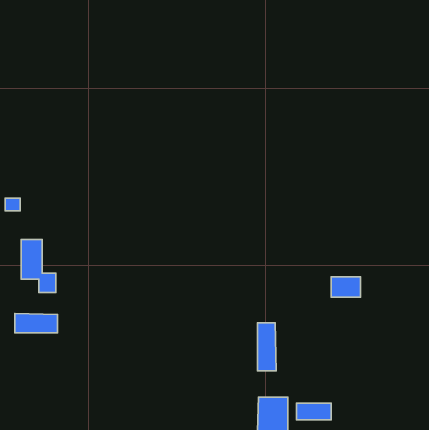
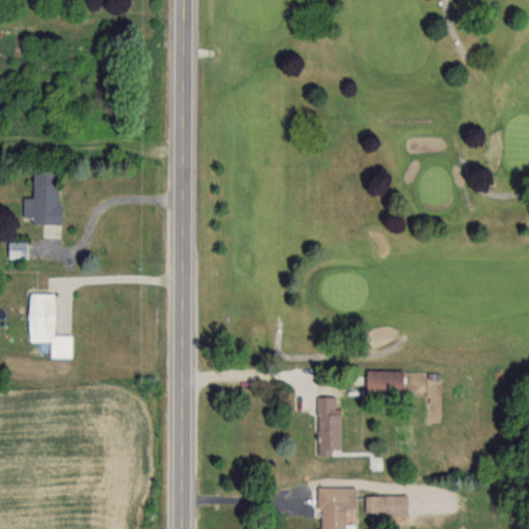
building: none -> [24,173,60,224]
building: [331,277,361,297] -> [366,371,402,396]
building: [15,314,58,333] -> none

